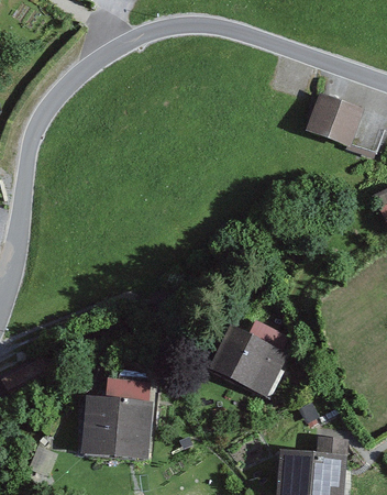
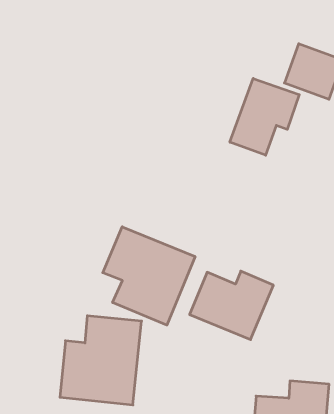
building: none -> [230,78,299,155]
building: none -> [103,227,195,325]

